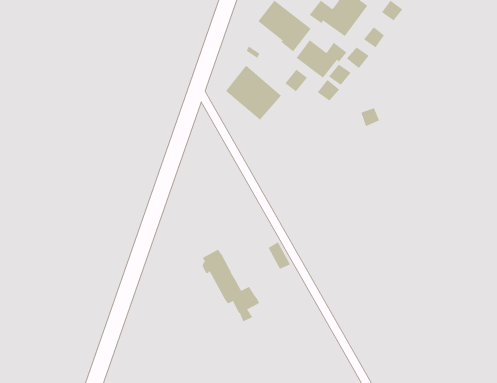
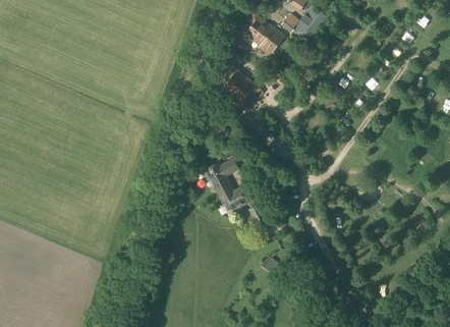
building: [296,39,347,78] -> none
building: [202,249,260,322] -> [206,161,251,219]

